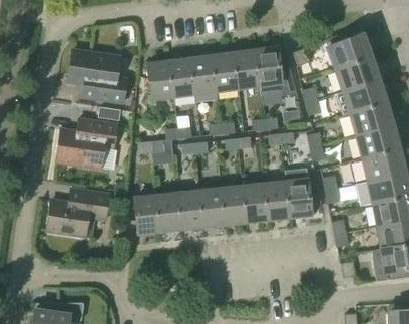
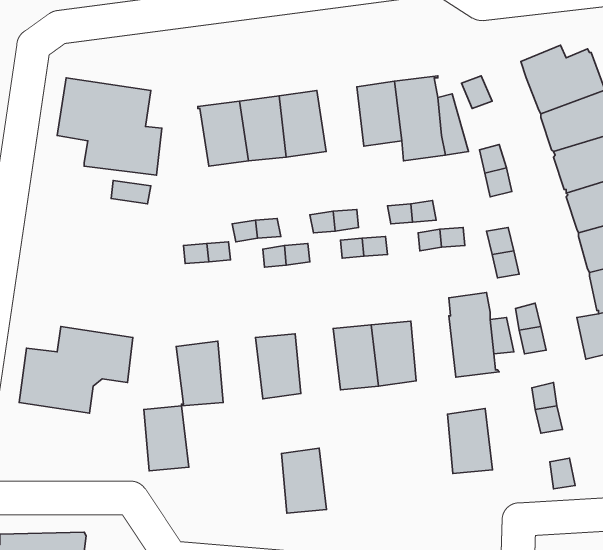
building: [213,55,239,91] -> none
building: [57,119,117,169] -> none
building: [265,183,290,219] -> [447,409,493,474]
building: [200,190,226,226] -> [281,448,326,513]
building: [157,195,182,231] -> [144,406,189,471]

